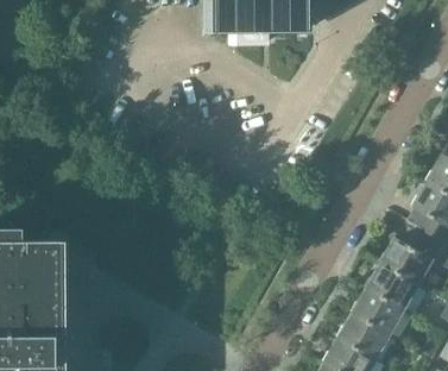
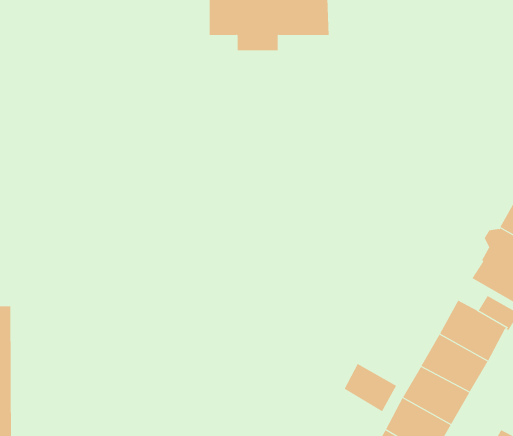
building: none -> [344,363,397,412]

